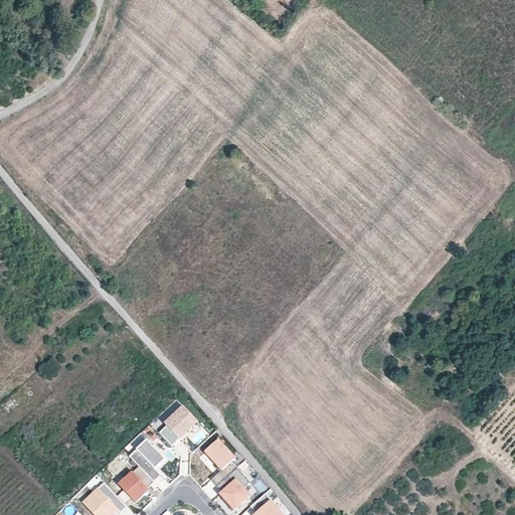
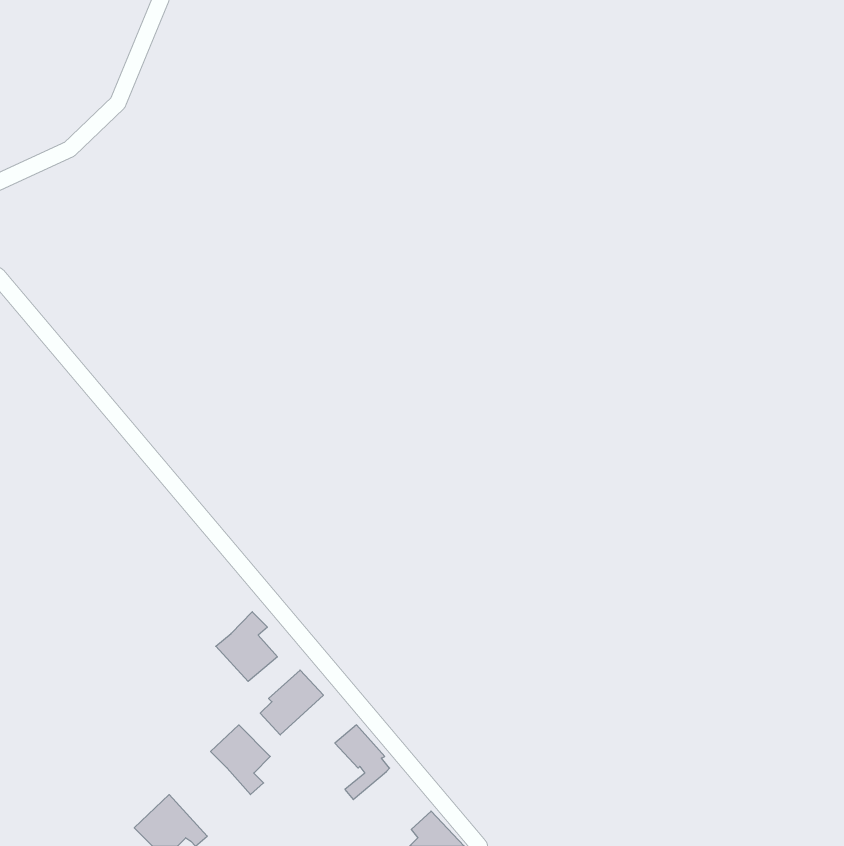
building: none -> [216,612,277,681]
building: [118,466,152,502] -> none
building: [214,468,245,505] -> none

